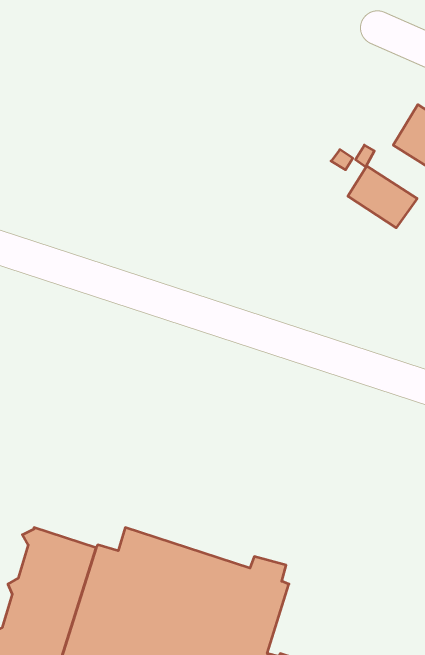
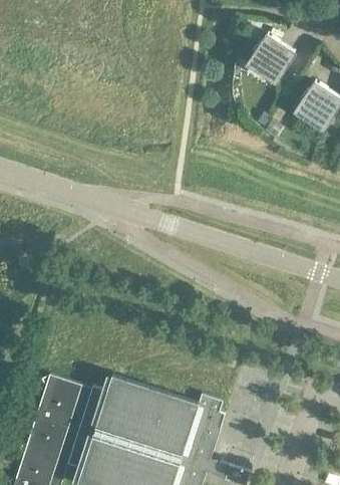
building: none -> [249,35,295,80]
building: [348,166,417,228] -> none

